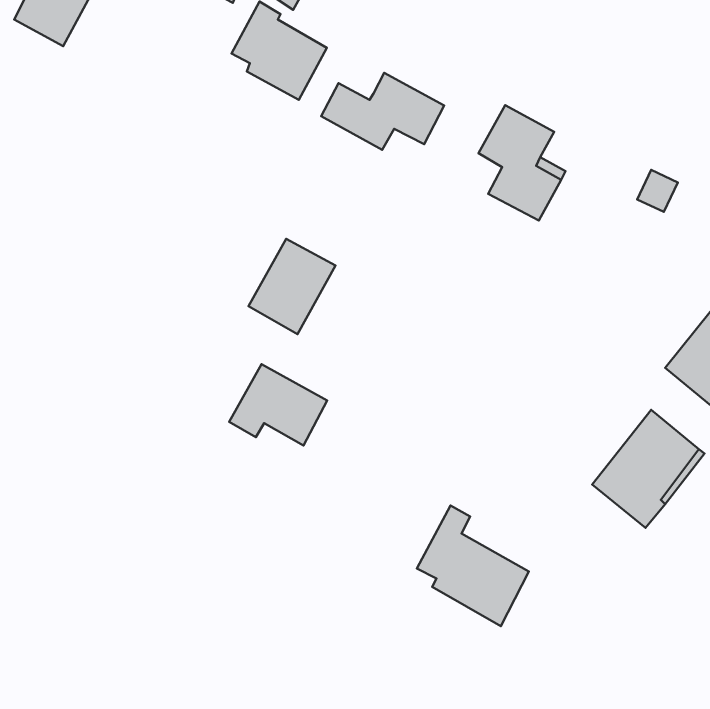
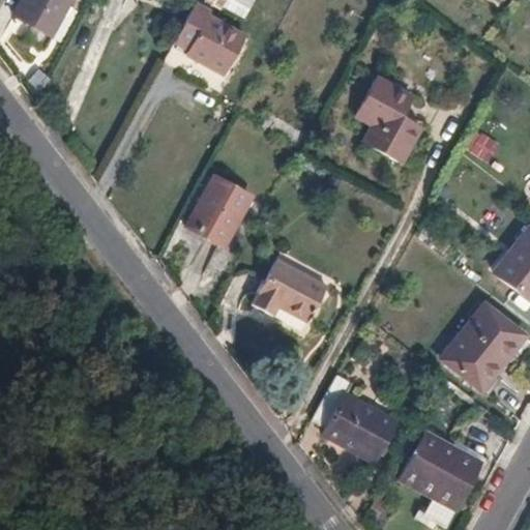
building: [321,73,444,150] -> none
building: [229,364,327,446] -> [254,261,326,321]
building: none -> [400,432,482,510]

